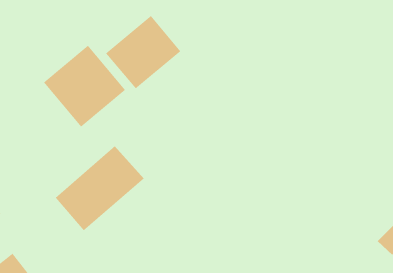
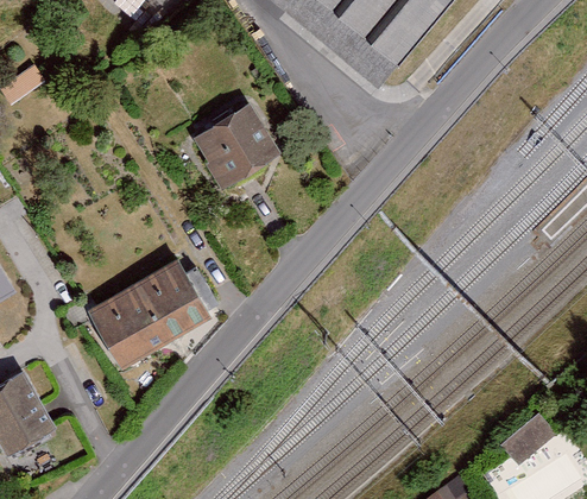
building: [43,45,126,127] -> none

